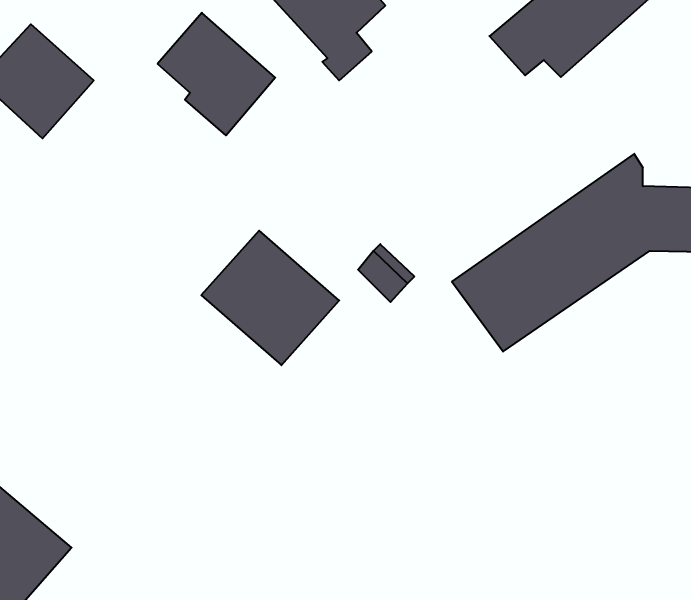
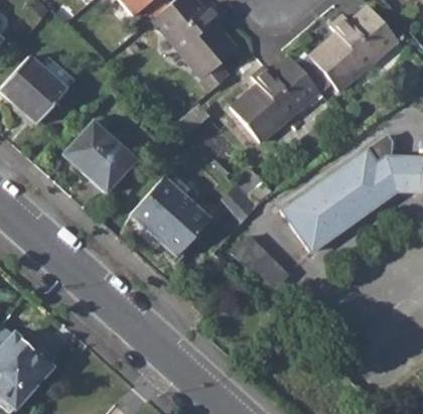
building: [158,13,275,135] -> [66,123,136,195]
building: none -> [235,54,322,139]
building: none -> [228,236,286,292]

